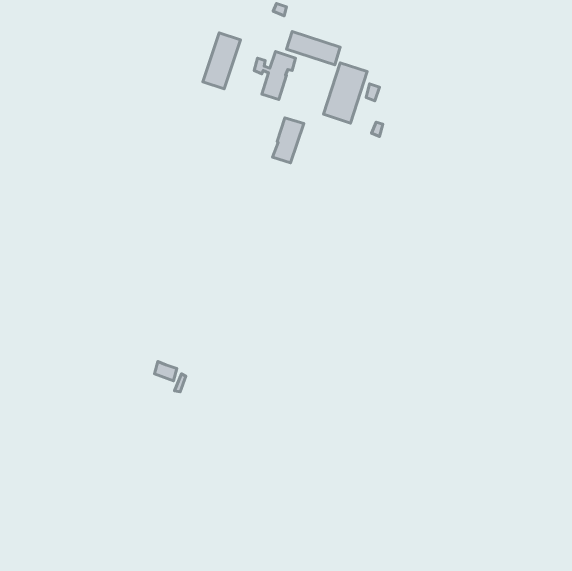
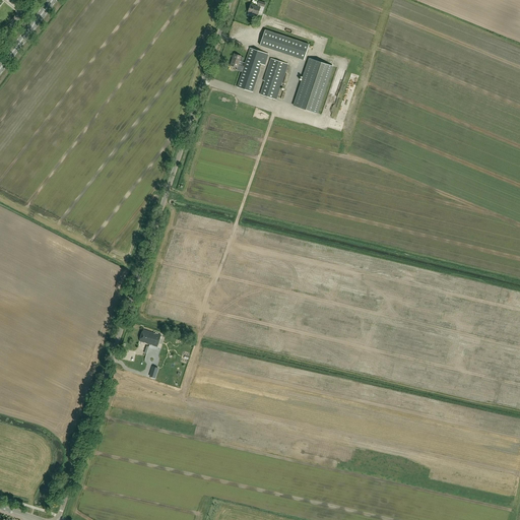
building: [203,33,240,89] -> none
building: [273,118,304,163] -> [260,58,288,99]

